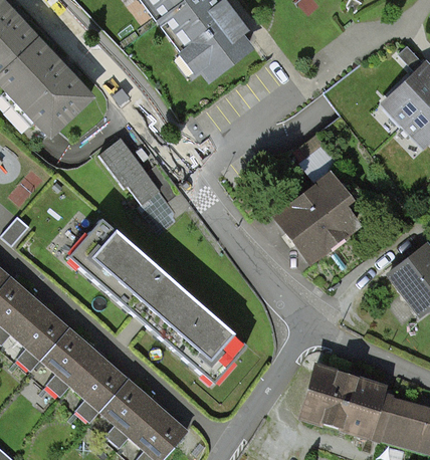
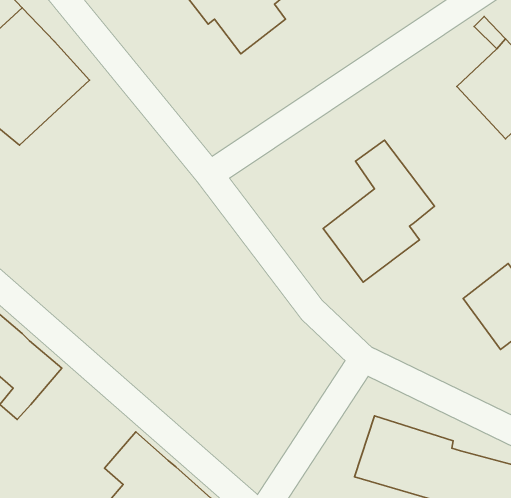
building: [99,137,179,233] -> none
building: [68,218,247,383] -> none
building: [43,327,128,420] -> none

